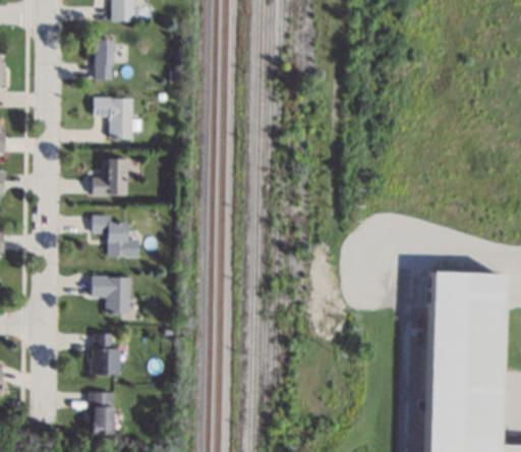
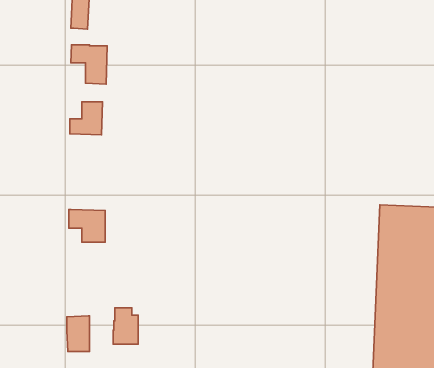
building: [93,215,140,256] -> none
building: [93,334,120,374] -> [113,308,138,344]

